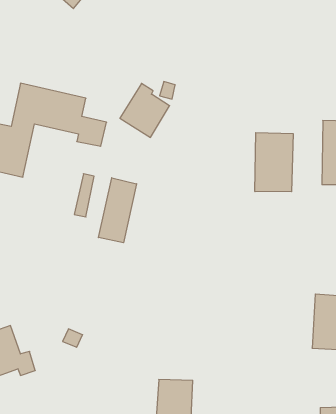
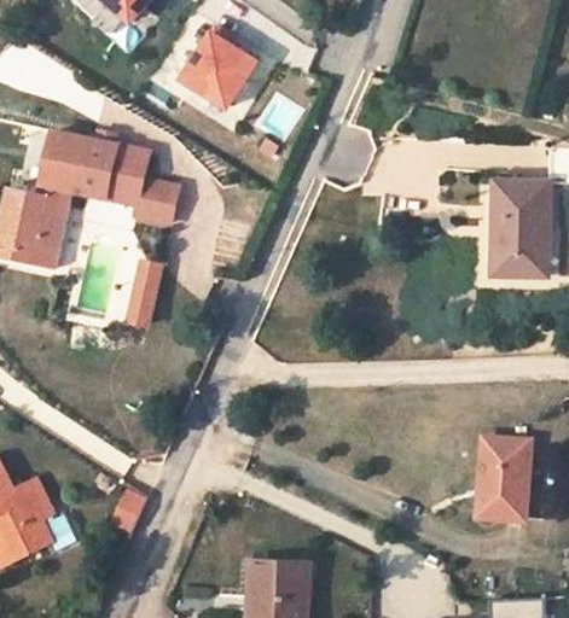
building: [120,83,170,137] -> [181,28,254,106]
building: [255,133,293,192] -> none
building: [98,178,137,243] -> none

